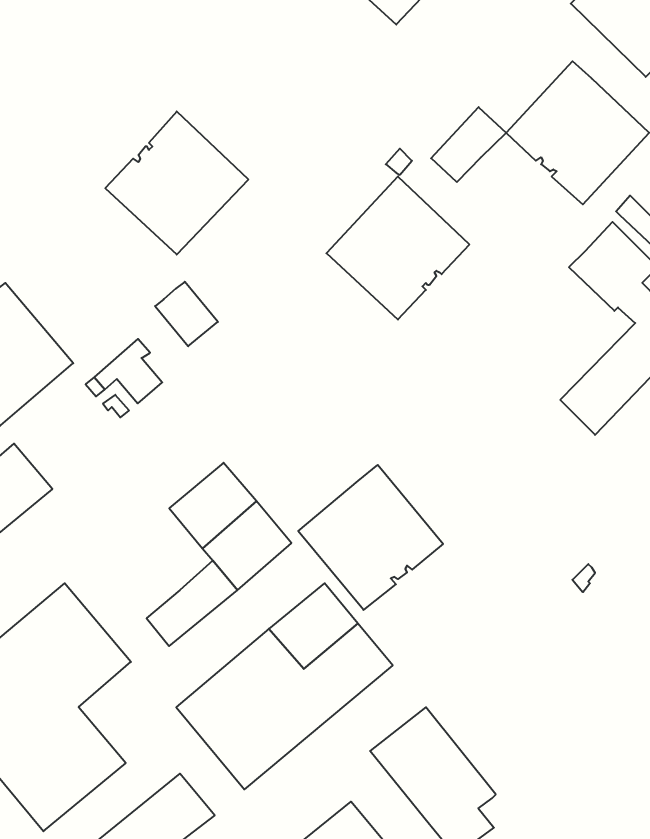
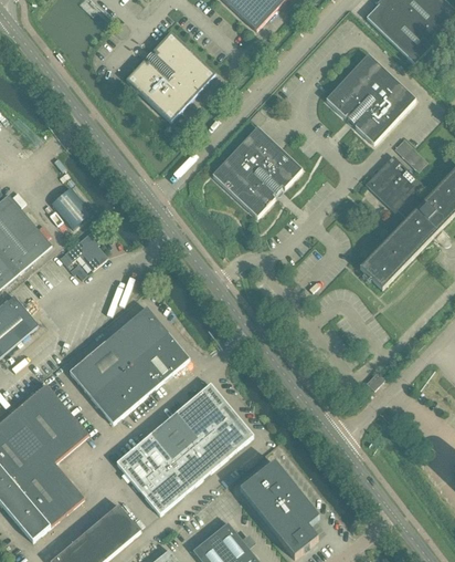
building: [431,107,506,182] -> none
building: [105,111,248,255] -> [125,31,215,122]
building: [155,282,218,346] -> [51,187,91,228]
building: [298,465,443,610] -> none
building: none -> [68,336,139,406]

